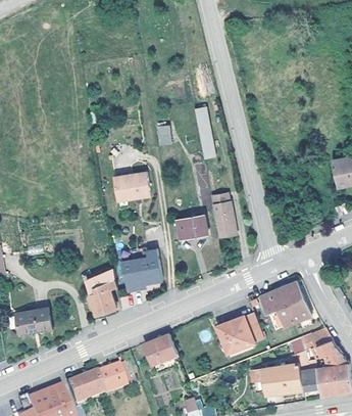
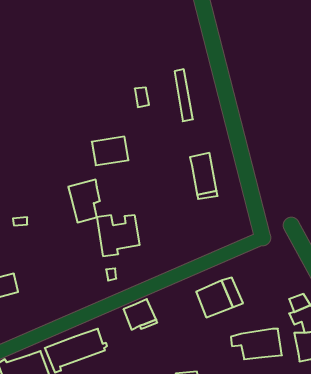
building: [179,213,206,235] -> none
building: [86,270,117,313] -> [68,180,100,222]
building: [260,282,311,327] -> none
building: [298,351,319,390] -> none

